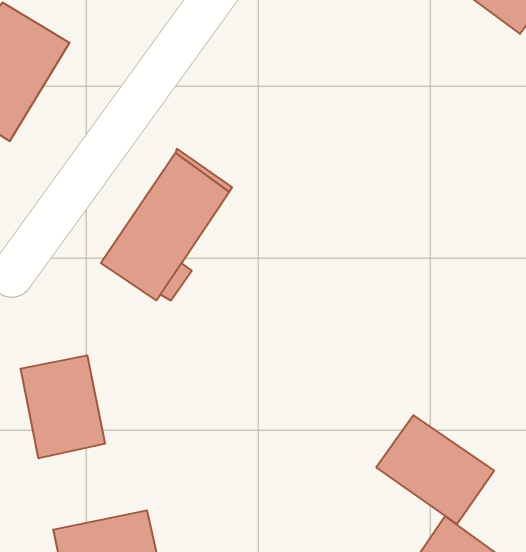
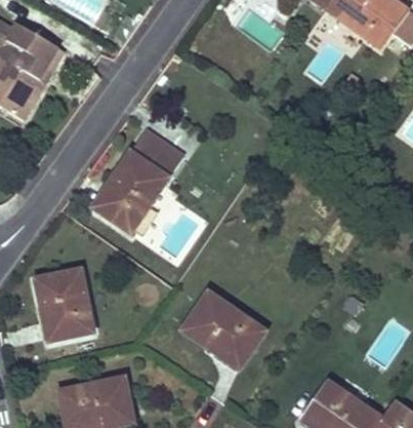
building: [376,415,494,524] -> [180,293,261,367]

